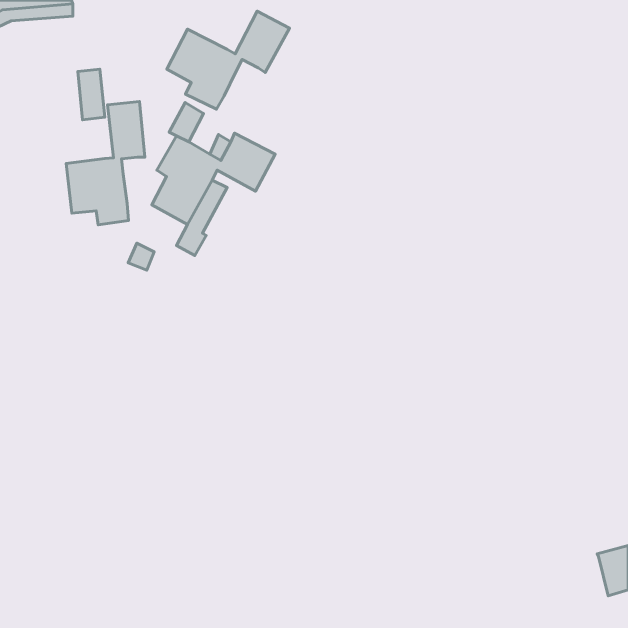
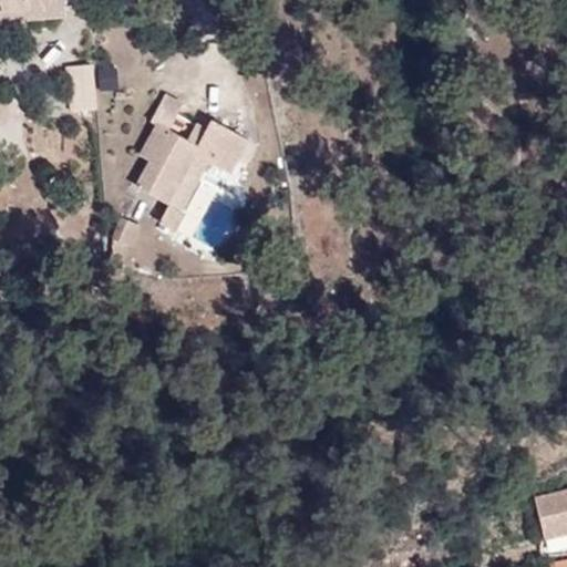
building: [167,11,289,109] -> none
building: [66,102,145,225] -> none

